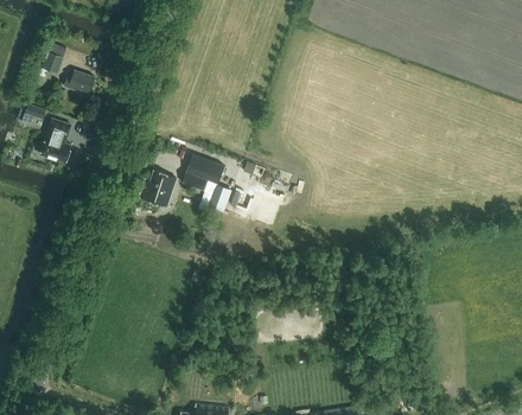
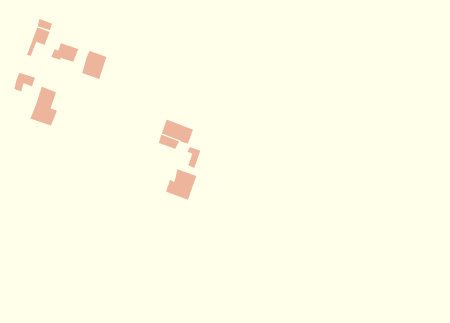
building: none -> [82,50,107,80]
building: [140,170,176,205] -> [165,169,197,200]

